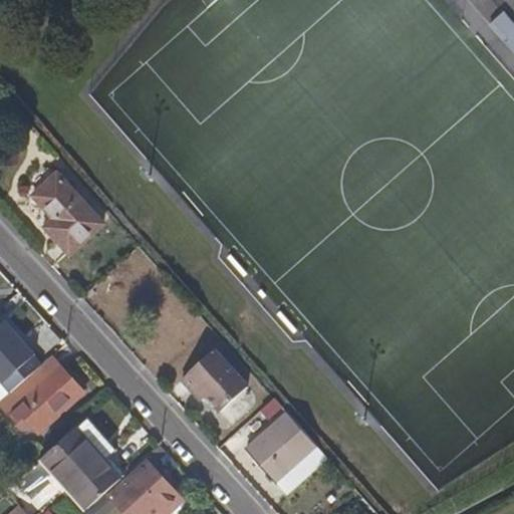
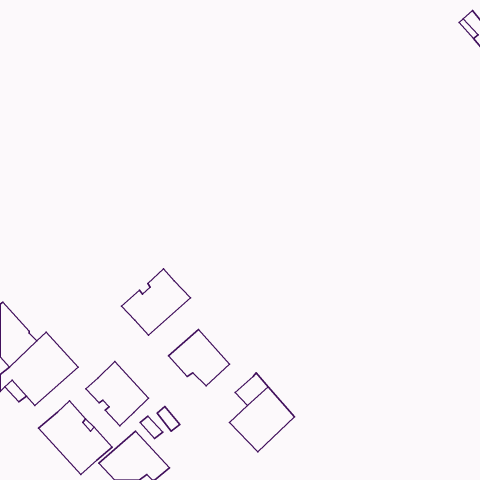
building: [33,176,103,256] -> none
building: none -> [122,269,191,335]
building: none -> [86,361,149,426]

